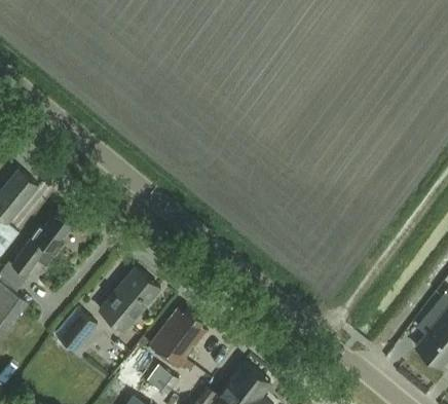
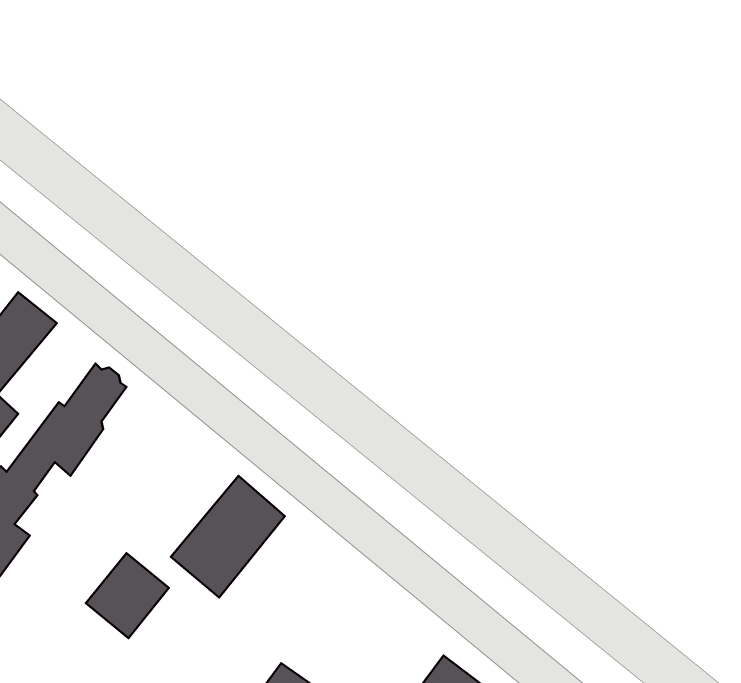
building: [149,309,207,369] -> none

